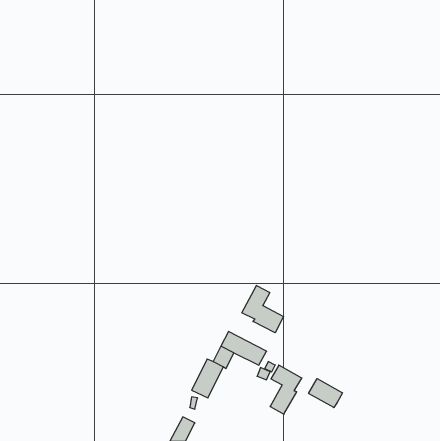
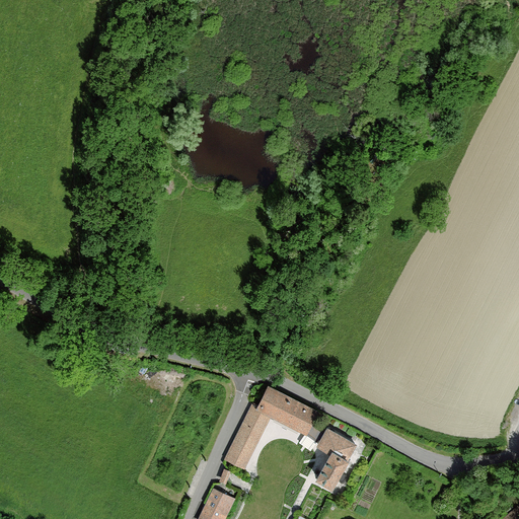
building: [242,285,284,333] -> none
building: [309,379,342,408] -> none

